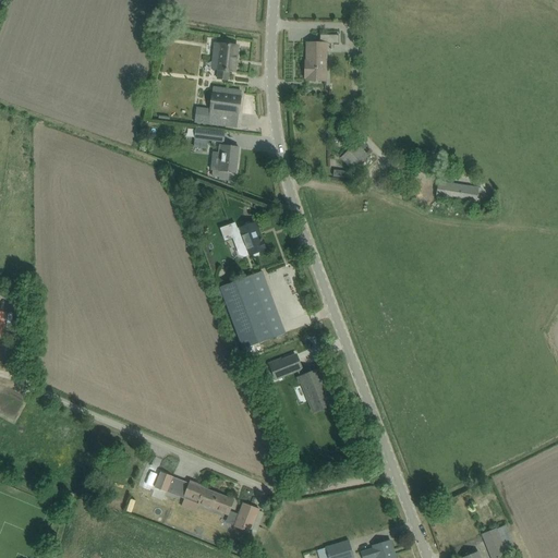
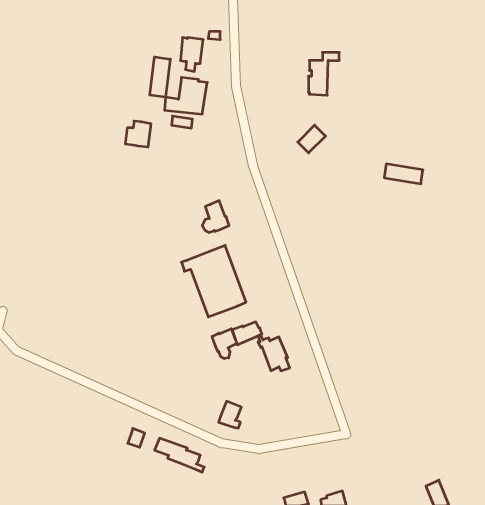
building: [304,34,338,81] -> [308,52,339,95]
building: none -> [150,57,170,97]
building: [209,144,238,172] -> [125,121,151,147]
building: none -> [212,329,237,359]
building: [233,502,258,532] -> [219,401,241,428]

